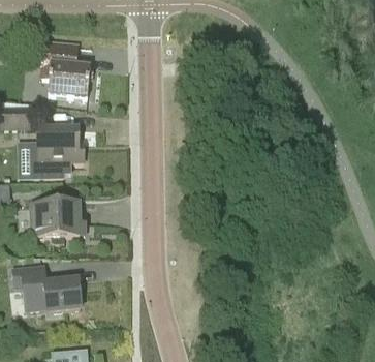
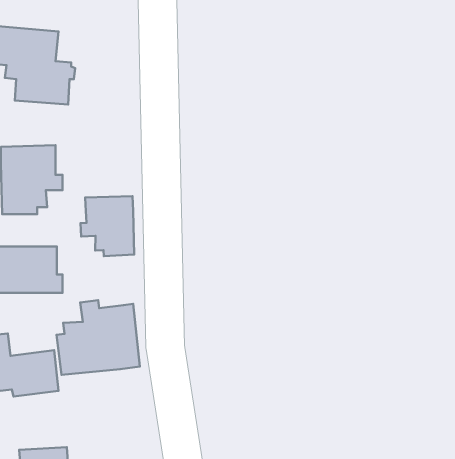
building: none -> [80,196,134,256]
building: none -> [56,300,140,375]

